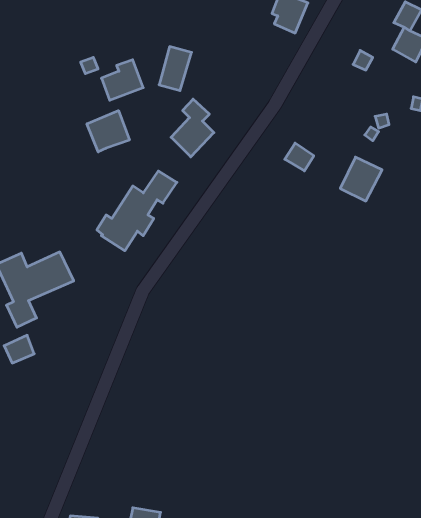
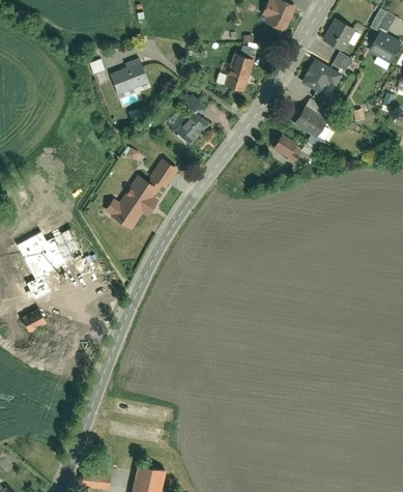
building: none -> [322,18,355,50]
building: [159,47,192,91] -> [223,55,252,94]
building: none -> [303,59,343,97]
building: [87,111,129,152] -> none
building: [340,157,382,201] -> [294,97,332,137]

